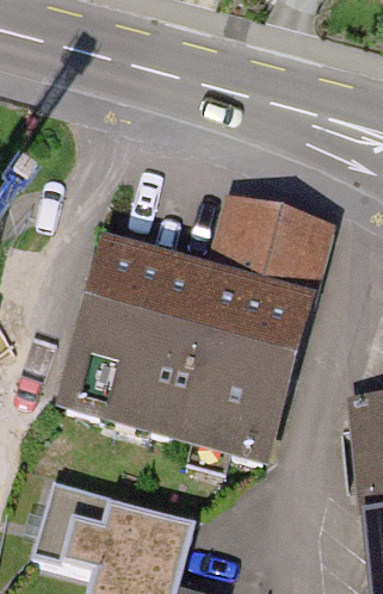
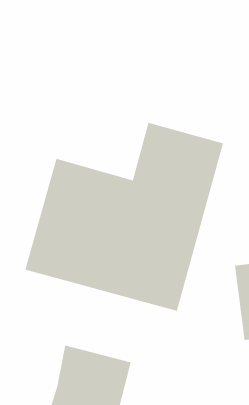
building: [37,478,111,564] -> none

